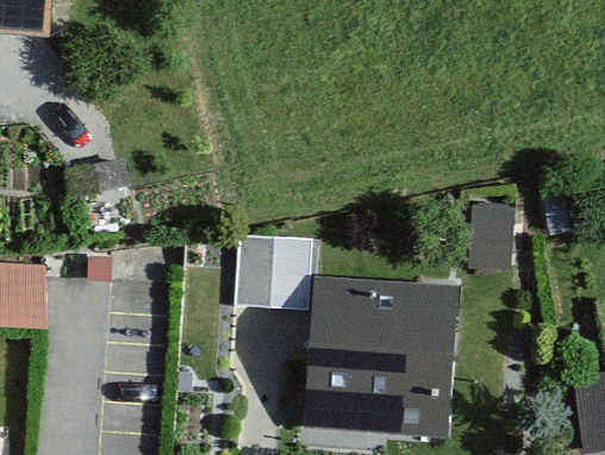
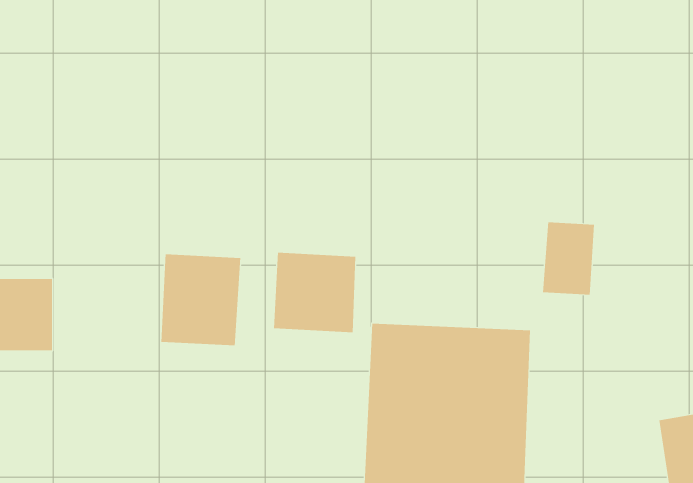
building: none -> [161,254,241,346]

